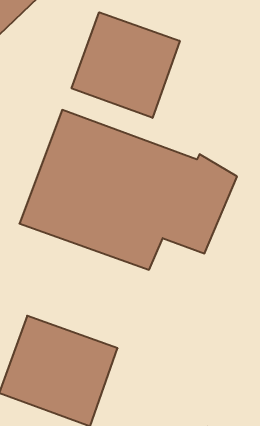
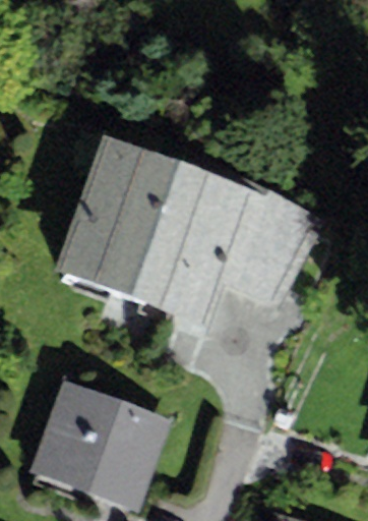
building: [72,12,180,118] -> none

